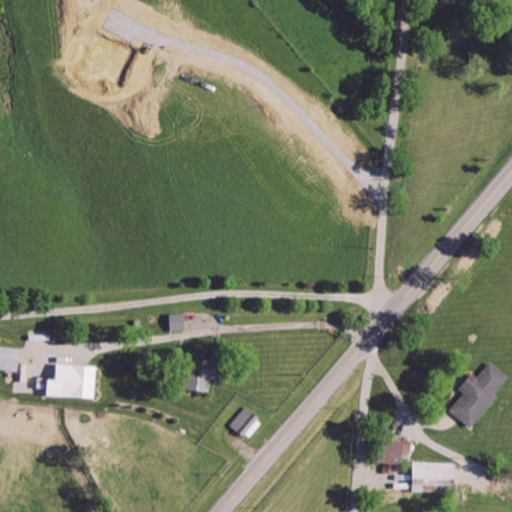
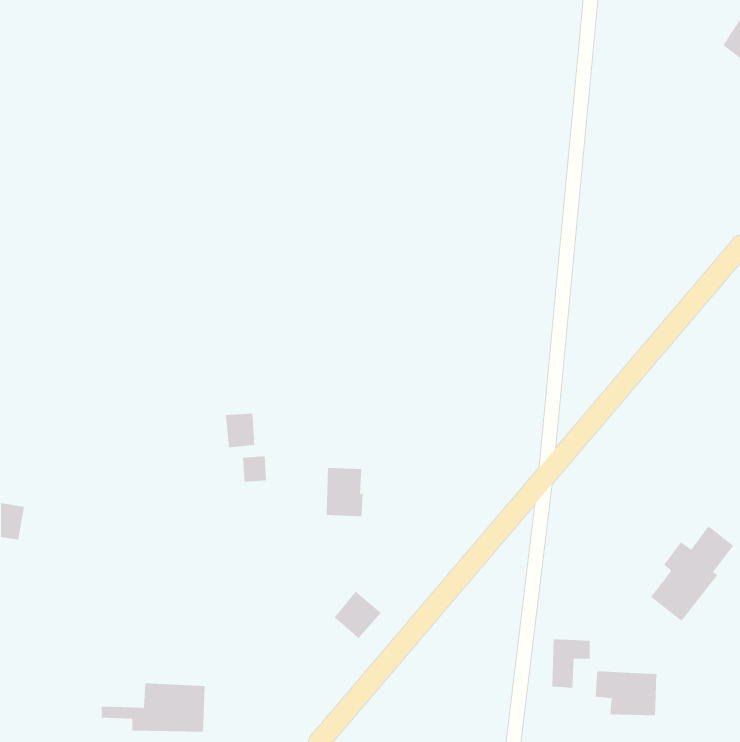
building: none -> [226,413,255,448]
building: [182,358,208,392] -> [326,467,364,517]
building: [23,364,95,398] -> [101,683,205,732]

